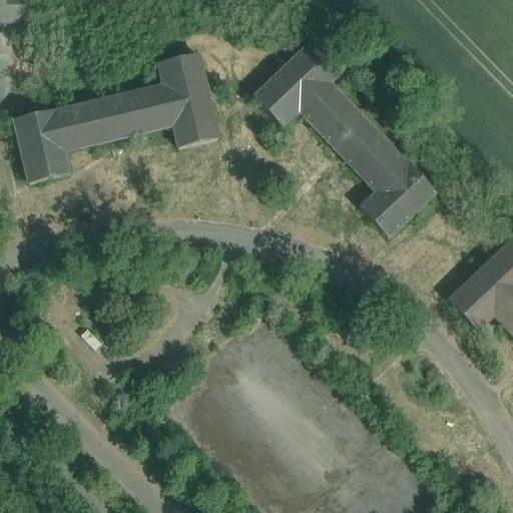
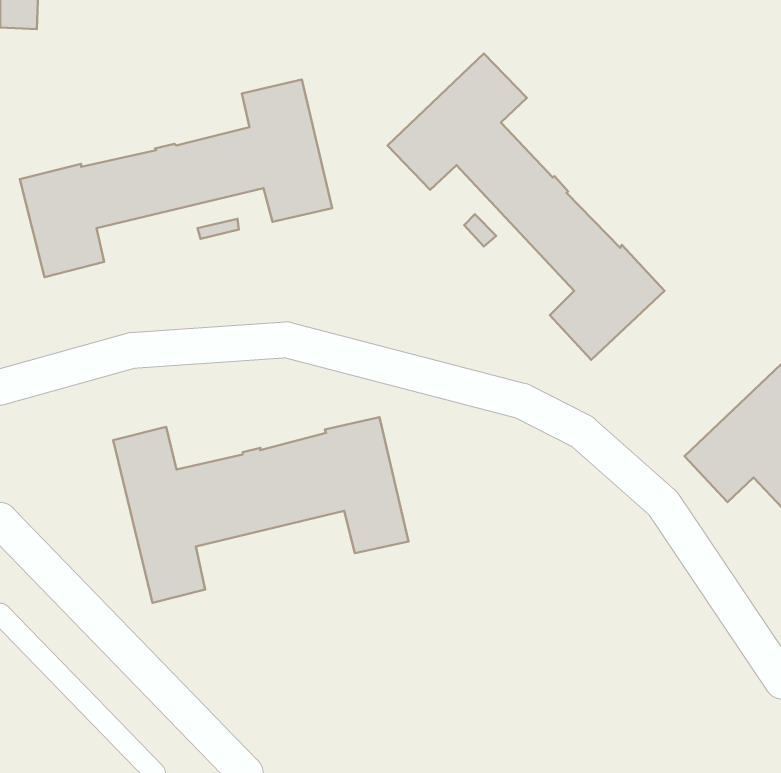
building: none -> [113,417,408,603]

